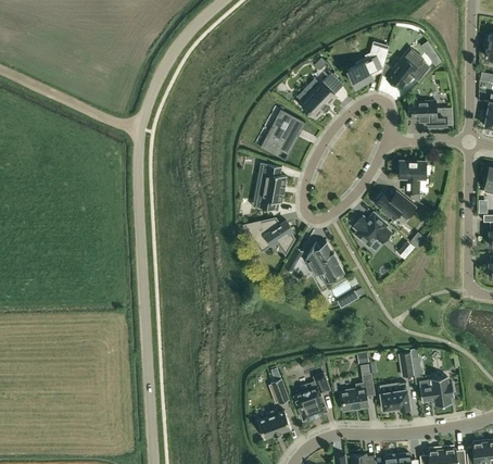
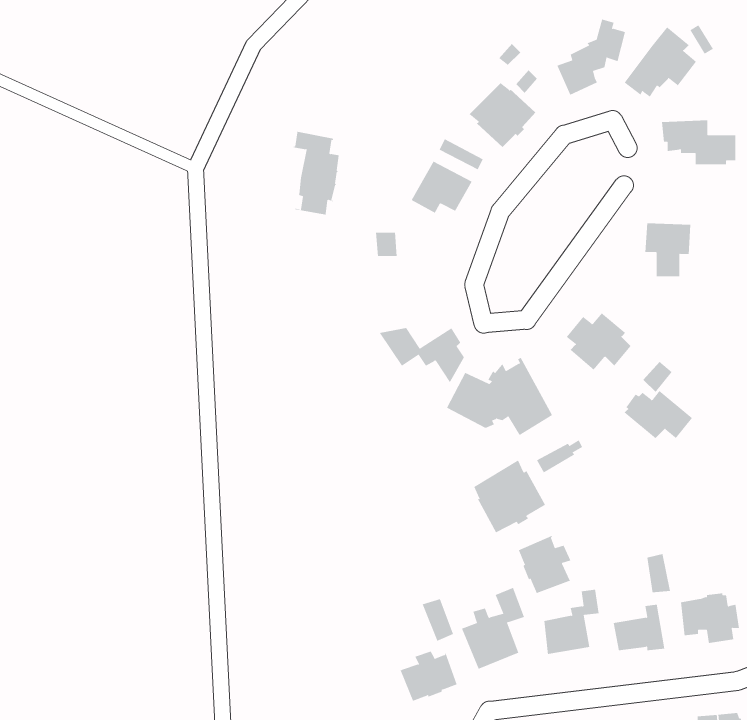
building: [258,163,287,212] -> [293,131,341,215]
building: [375,191,415,220] -> [624,390,693,439]
building: none -> [473,460,546,533]
building: none -> [518,535,571,594]

